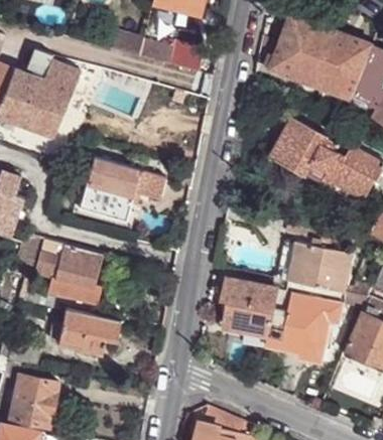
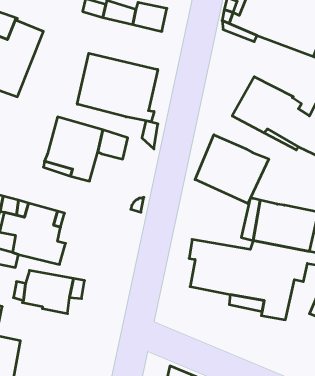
building: none -> [77,53,158,122]
building: none -> [195,135,269,204]

